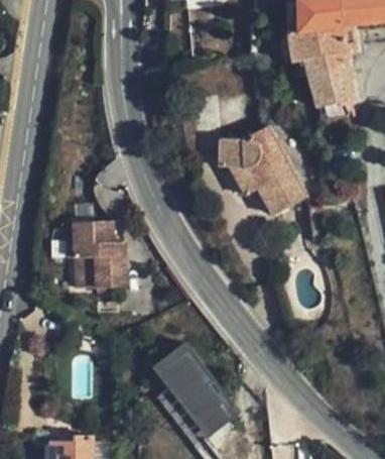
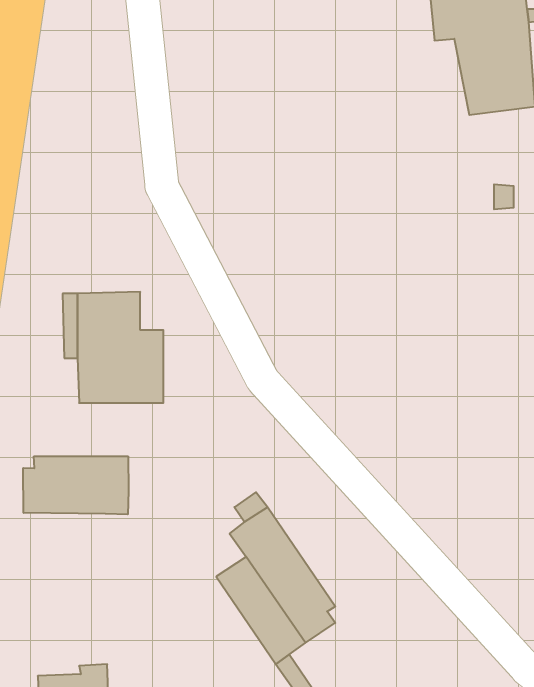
building: [216,120,300,213] -> none
building: none -> [23,456,129,514]

